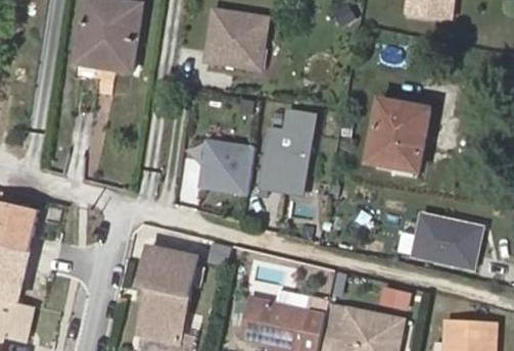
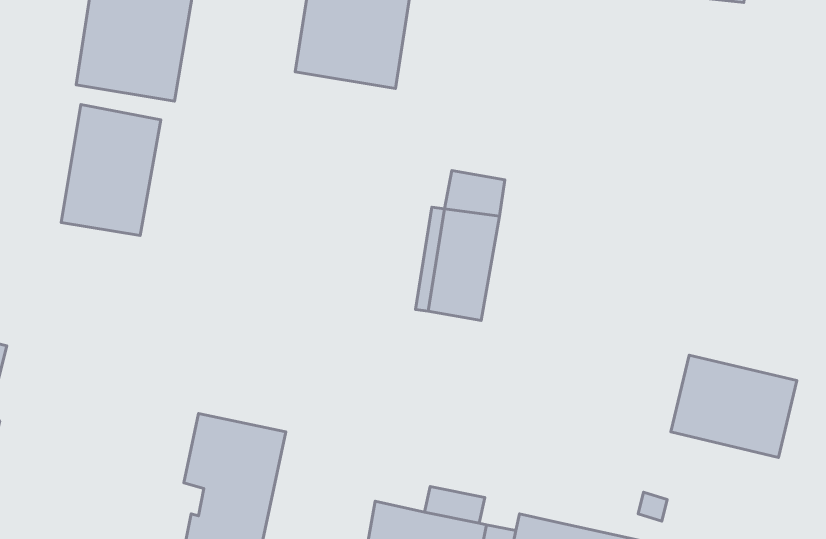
building: none -> [61,104,161,236]
building: [371,102,433,172] -> none
building: [202,147,259,202] -> none

